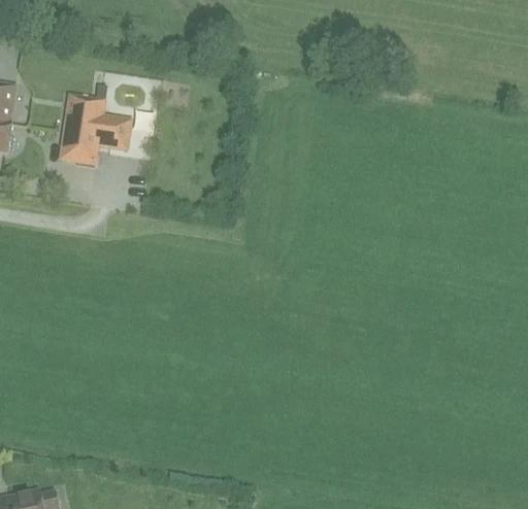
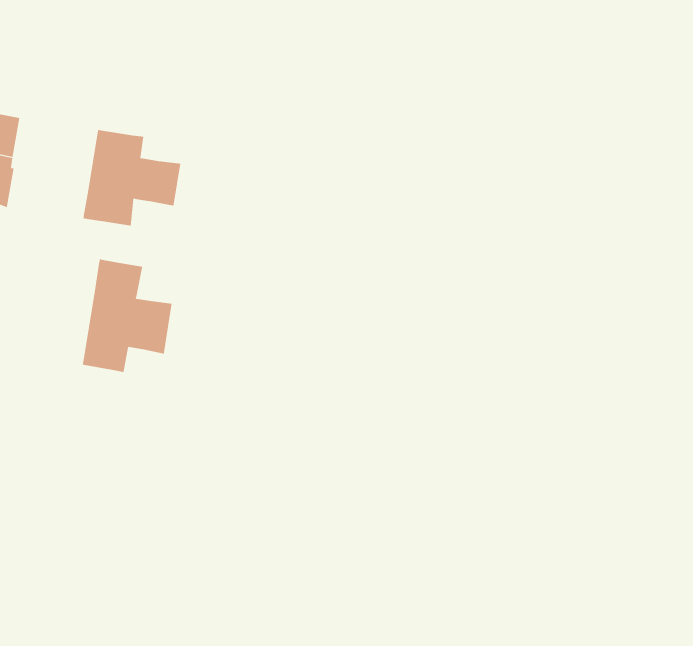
building: none -> [82,258,172,373]

